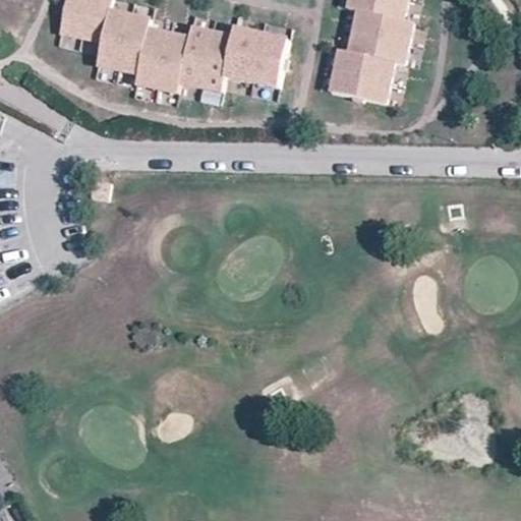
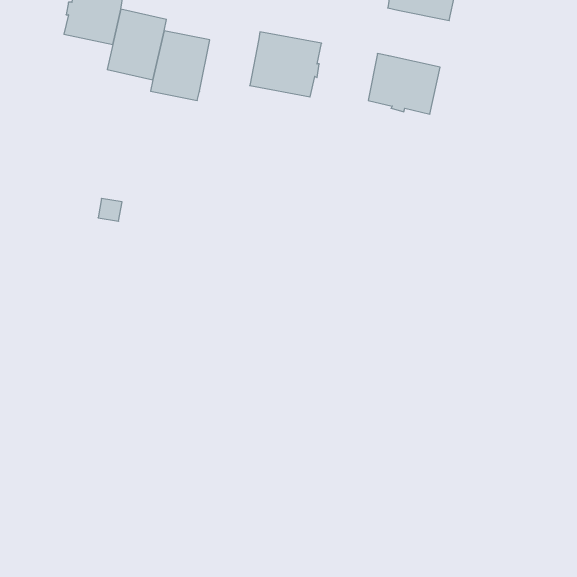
building: [347,9,414,63] -> none
building: [178,26,231,90] -> none

